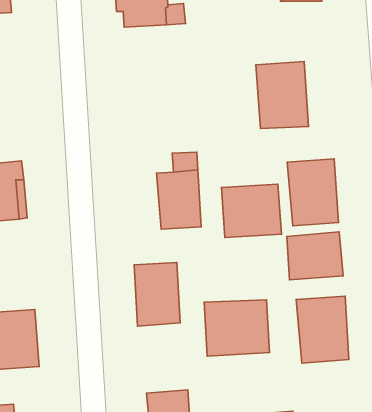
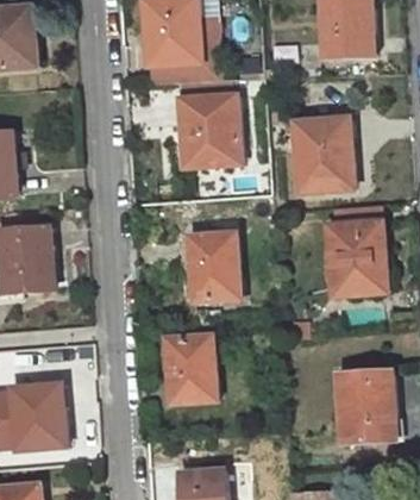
building: none -> [181,95,242,165]
building: [221,184,281,238] -> none
building: [287,232,343,280] -> none
building: [204,300,269,356] -> none

